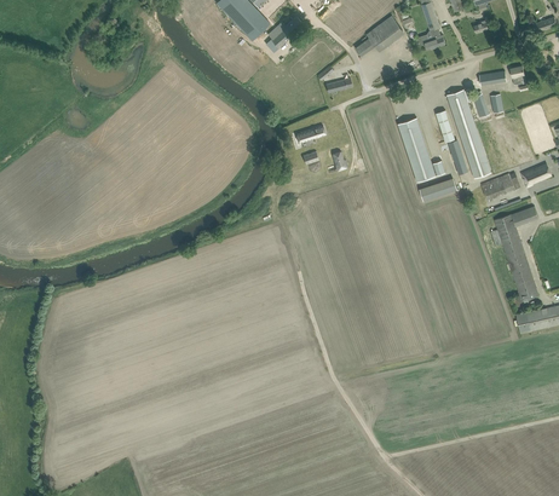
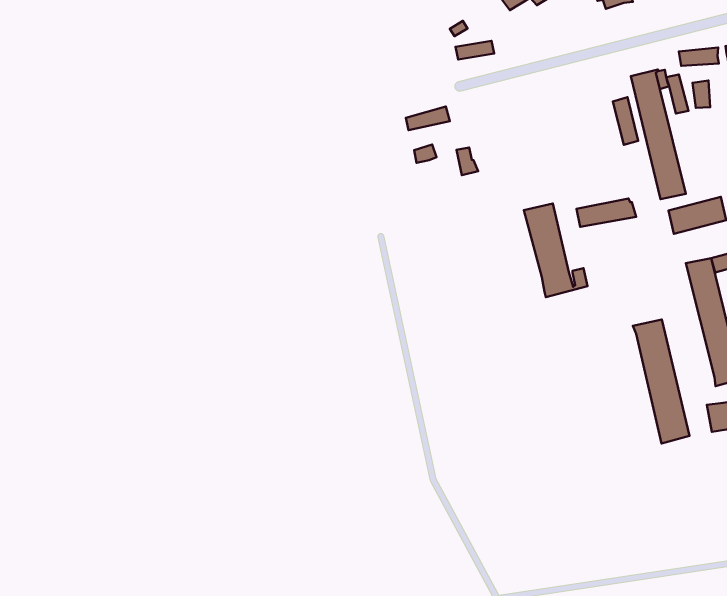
building: [397,117,444,181] -> [524,204,587,297]
building: none -> [633,319,689,443]

